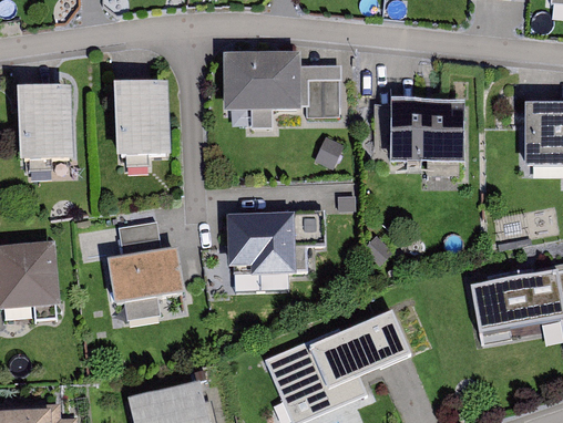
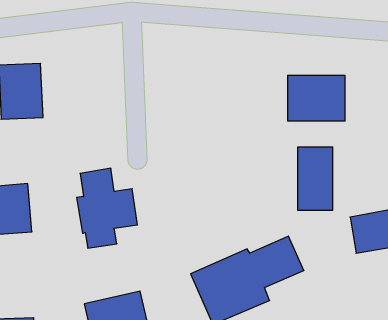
building: [234,53,350,123] -> none
building: [114,82,171,155] -> none
building: none -> [298,147,333,210]
building: [236,213,331,279] -> none

